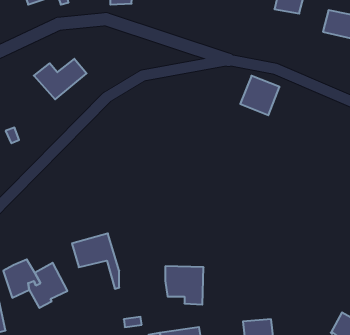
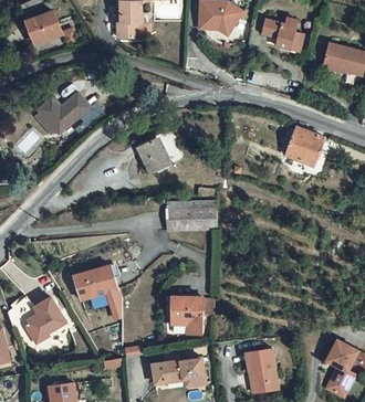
building: [240,76,280,115] -> [285,127,324,166]
building: none -> [138,139,169,172]
building: none -> [167,208,216,230]

